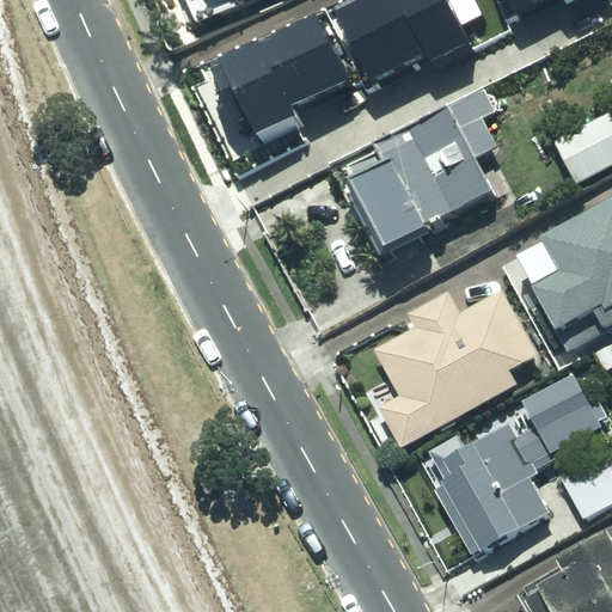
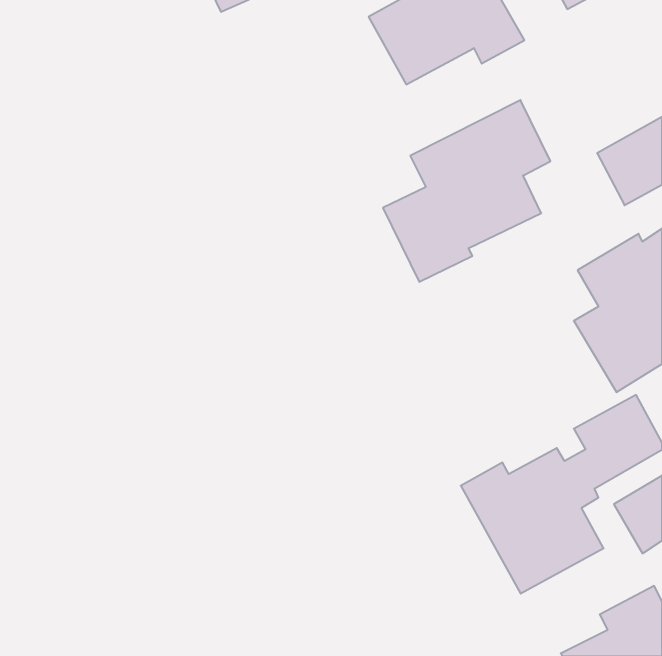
building: [220,17,355,134] -> none
building: [372,293,538,452] -> none

